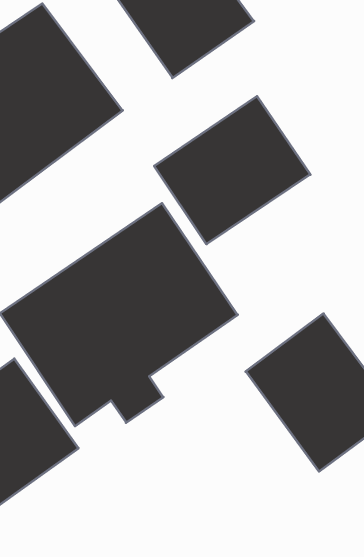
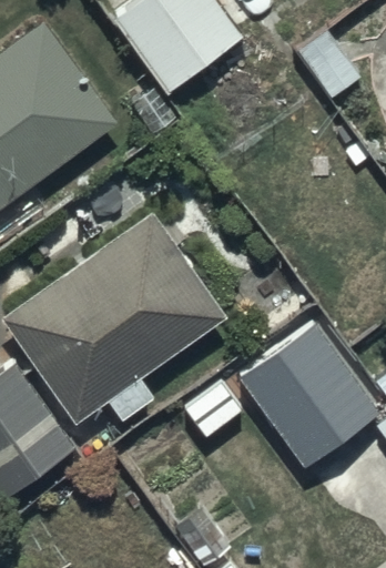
building: [154,96,310,244] -> none

